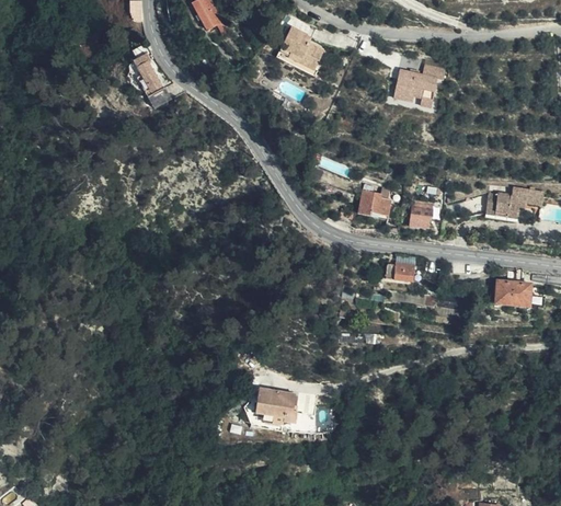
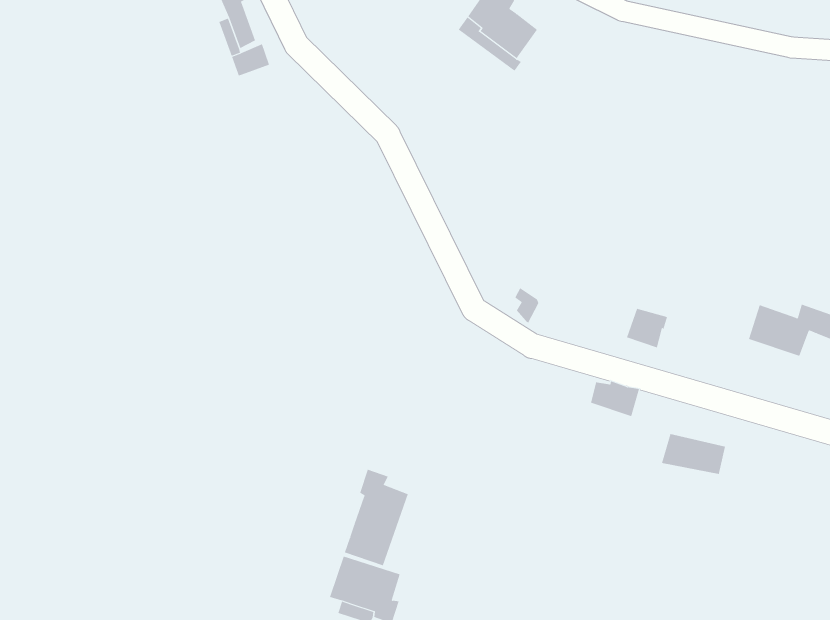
building: [392,67,443,110] -> none
building: [357,187,391,216] -> none
building: [492,287,529,307] -> [661,434,726,475]
building: none -> [344,469,408,566]

